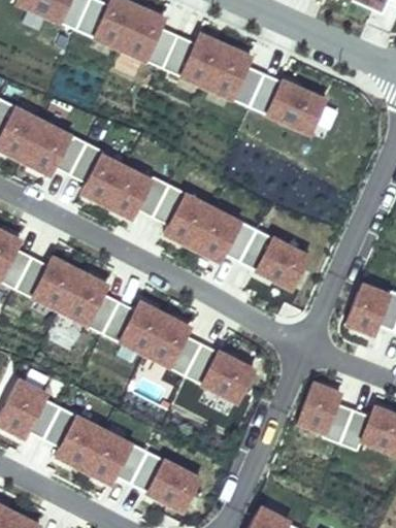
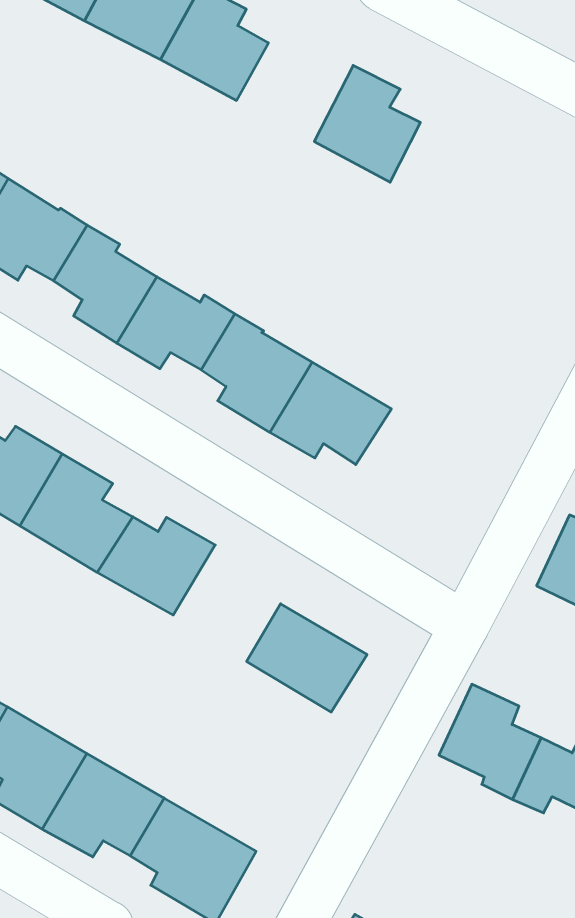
building: [162,33,225,88] -> none
building: [250,73,325,134] -> none
building: [241,232,307,290] -> none
building: [146,314,205,376] -> none

